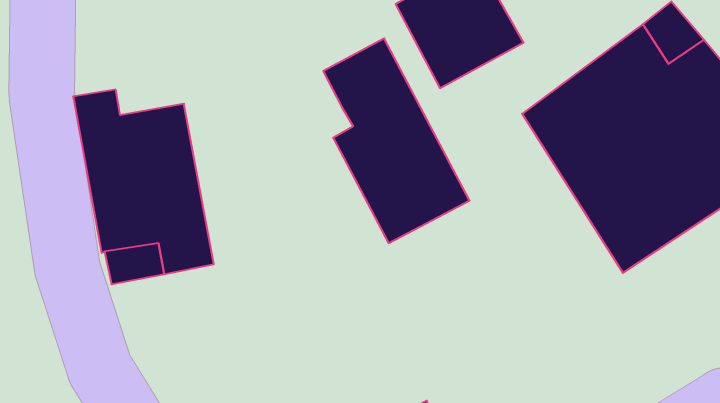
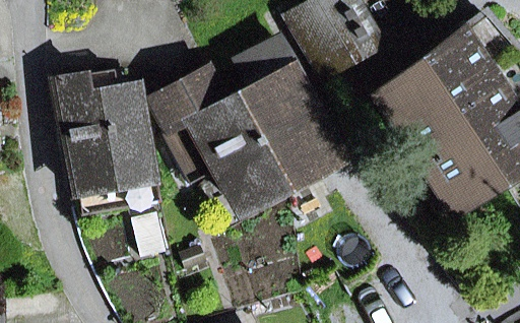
building: none -> [146,71,281,209]

